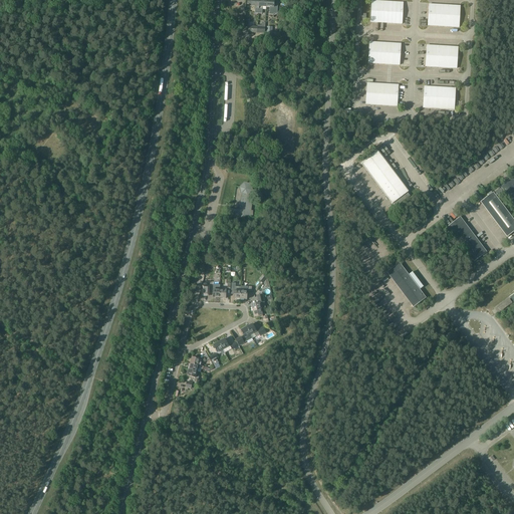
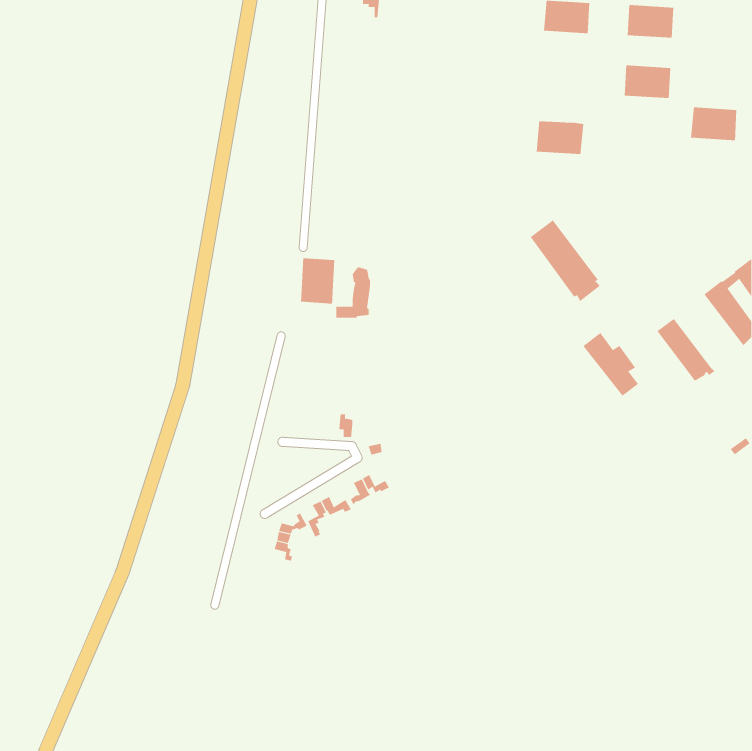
building: [368,41,401,64] -> none
building: [423,85,455,108] -> [690,107,737,141]
building: none -> [300,257,335,304]
building: [387,262,426,306] -> [582,332,640,396]

